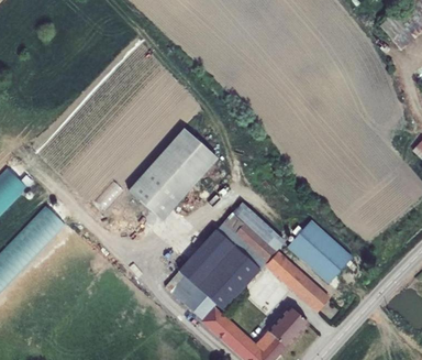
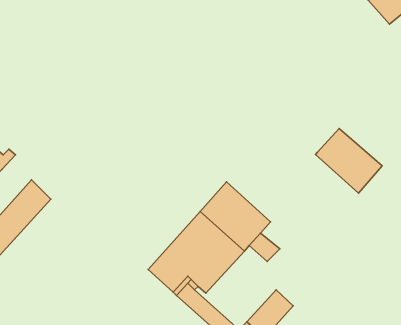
building: [126,127,218,220] -> none
building: [287,220,352,283] -> [315,128,382,193]
building: [281,266,329,310] -> none

